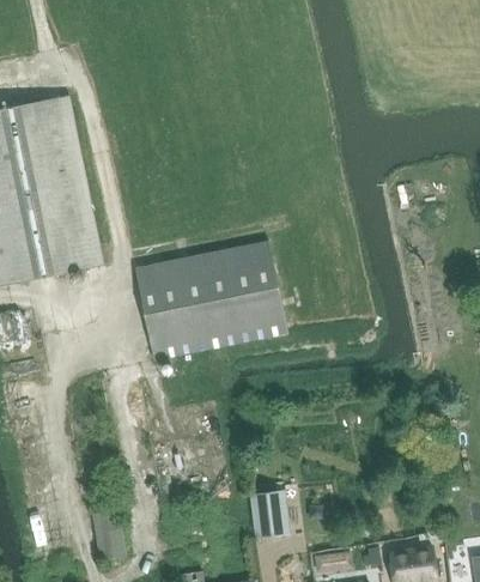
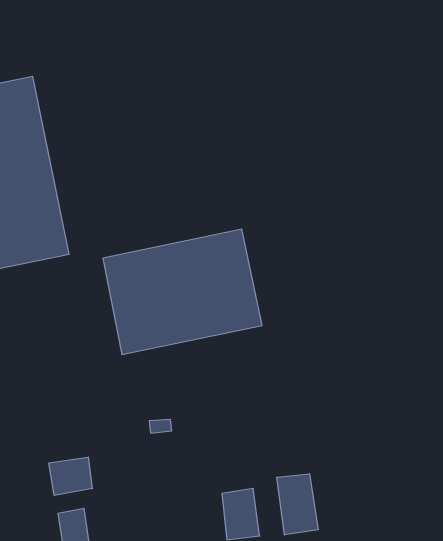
building: none -> [49,457,92,495]
building: none -> [277,474,318,535]

